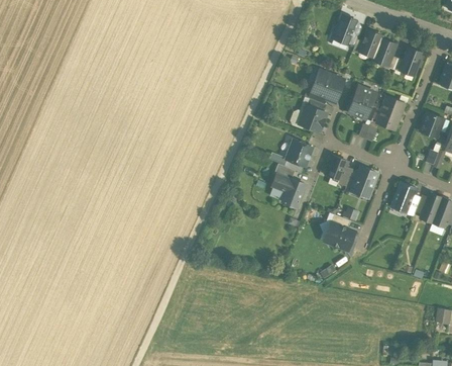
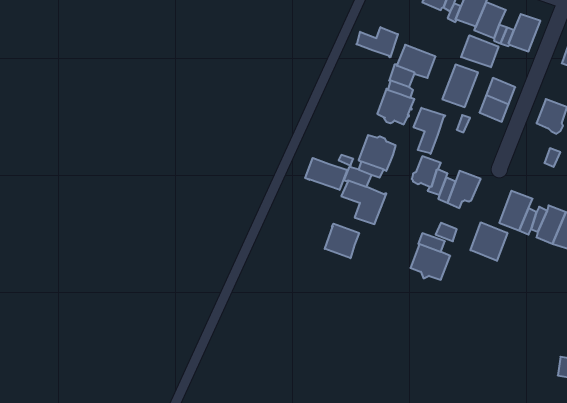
building: none -> [356,27,398,57]
building: none -> [461,35,498,67]
building: none -> [414,108,445,154]
building: none -> [305,158,347,190]
building: none -> [470,222,507,261]
building: none -> [325,224,359,258]

